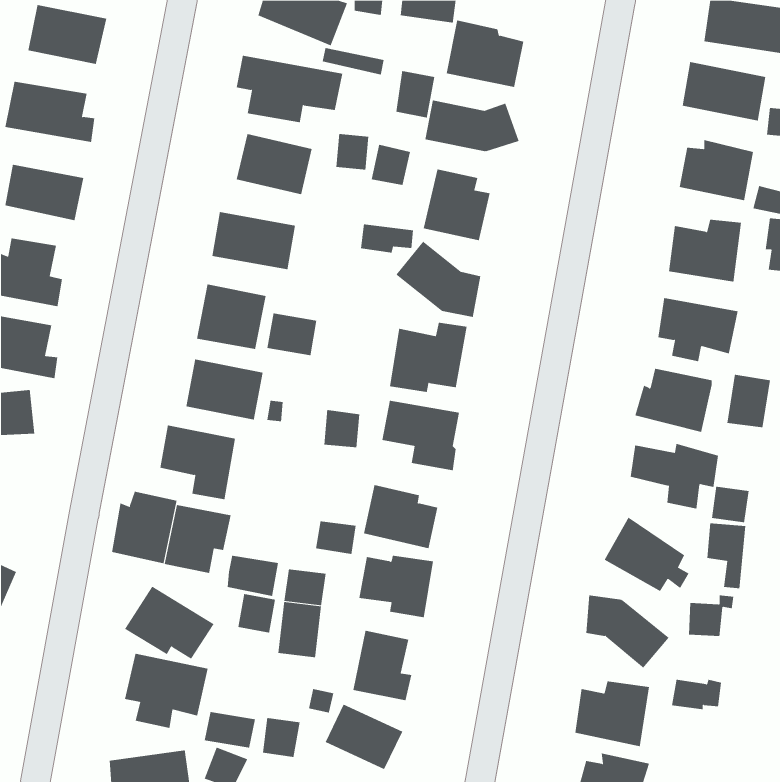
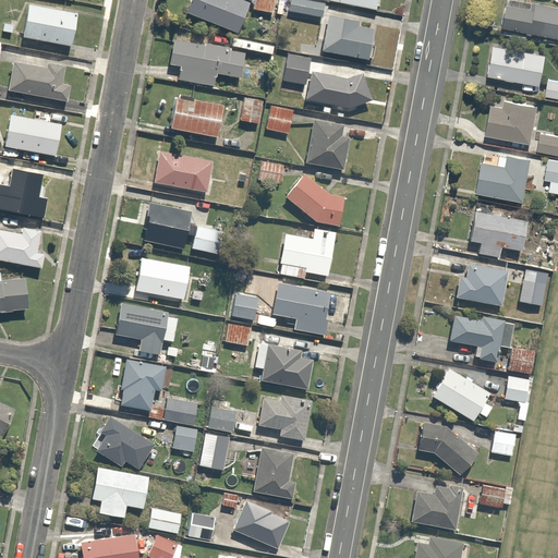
building: [112,491,177,564] -> none
building: [315,521,357,555] -> [223,322,253,345]

